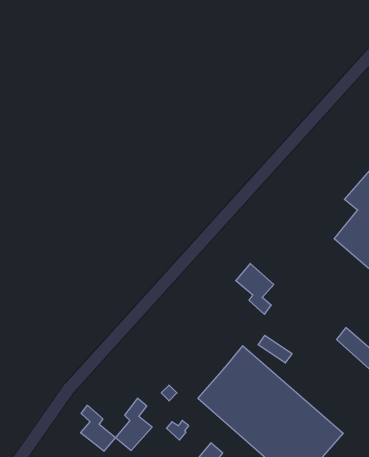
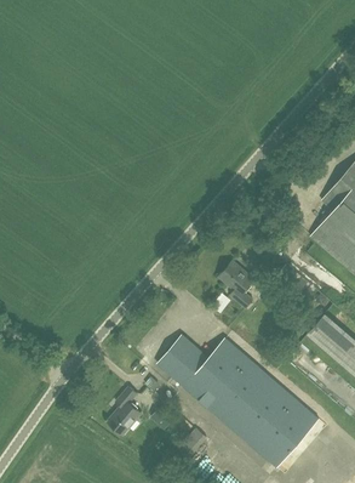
building: none -> [158,334,208,386]
building: [81,405,115,451] -> none

